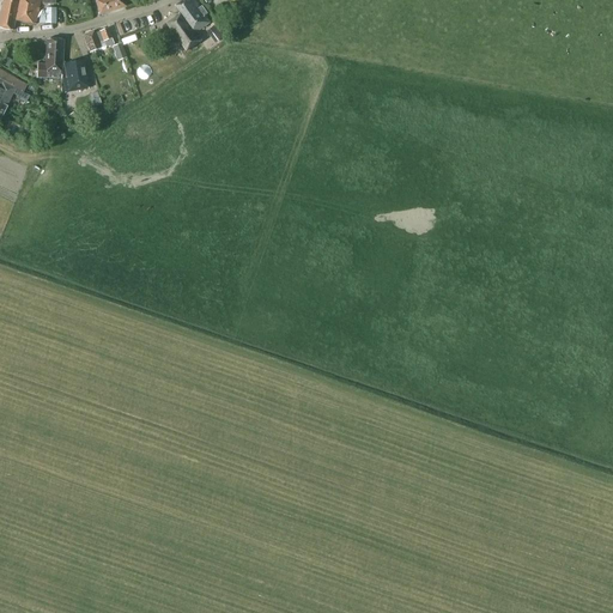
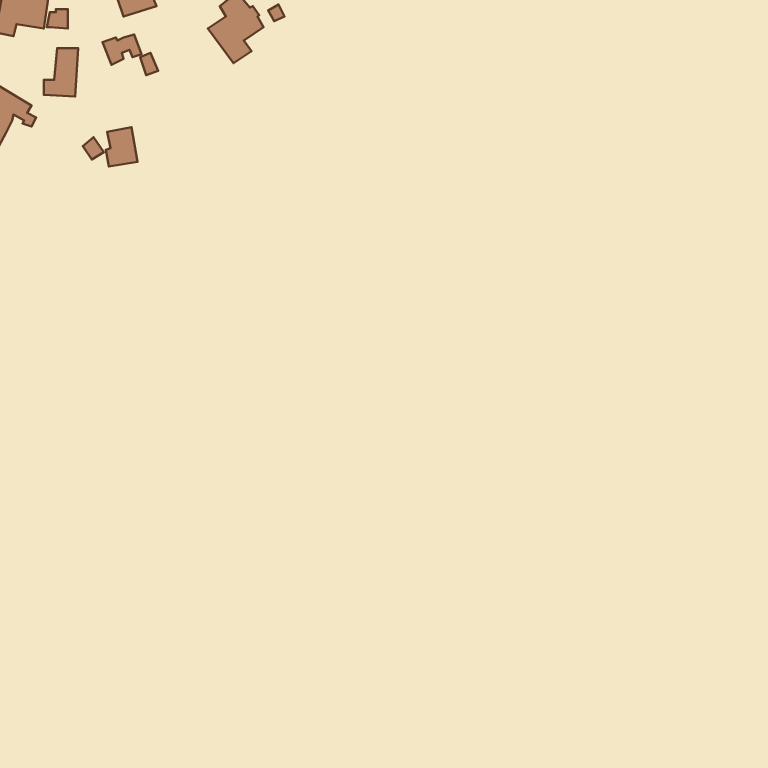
building: [61,60,86,91] -> [106,127,137,166]

